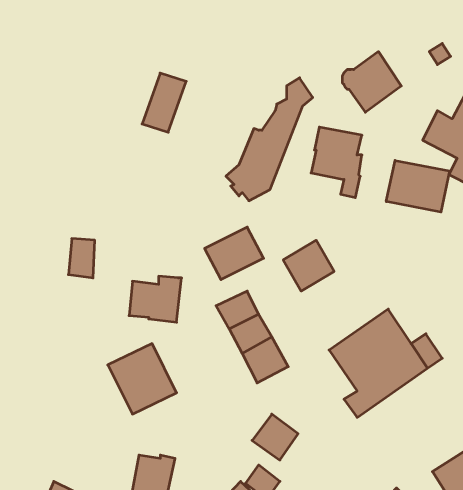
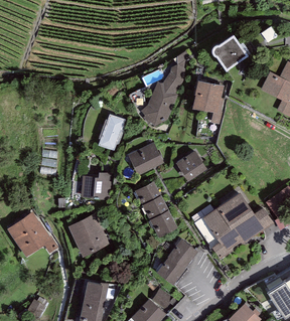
building: [142,73,186,132] -> [98,114,125,150]
building: [386,160,450,212] -> none
building: none -> [7,210,58,257]
building: none -> [167,238,197,269]

